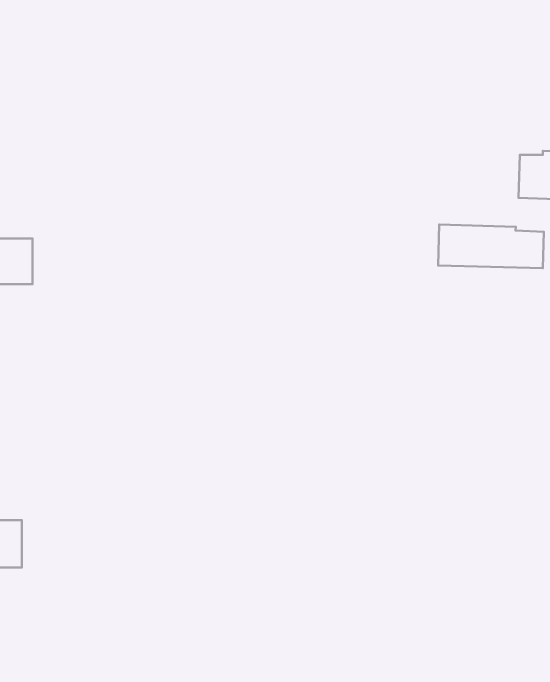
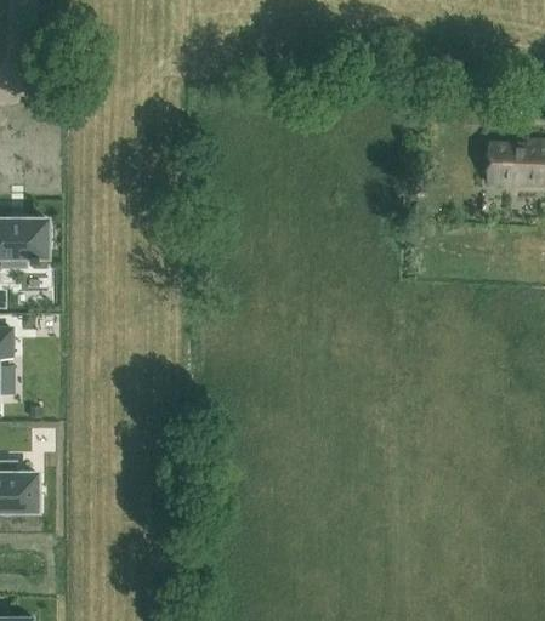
building: [438,225,544,268] -> none

